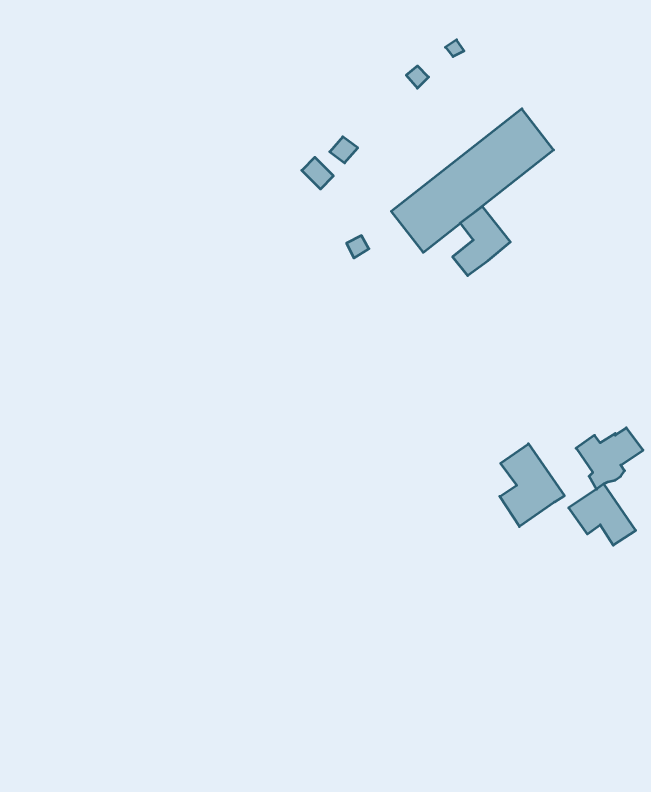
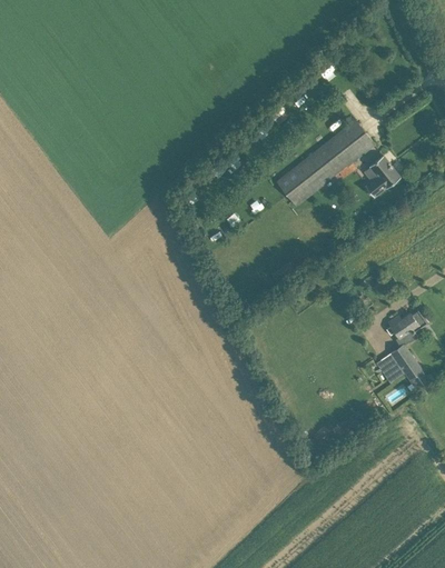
building: [453,207,510,276] -> [365,156,399,197]
building: [500,444,564,527] -> none

